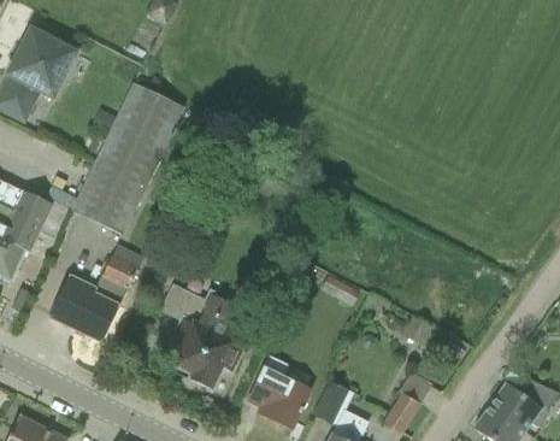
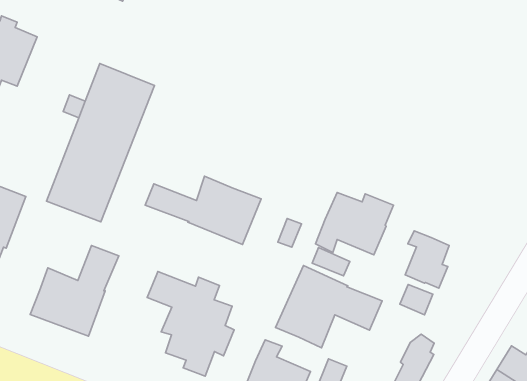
building: none -> [145,176,261,245]
building: none -> [316,193,393,255]
building: none -> [405,231,449,288]
building: none -> [275,265,382,348]

